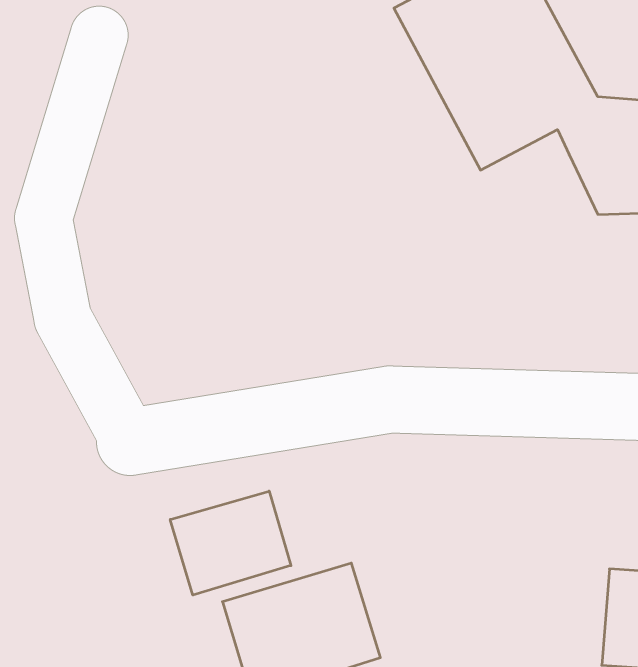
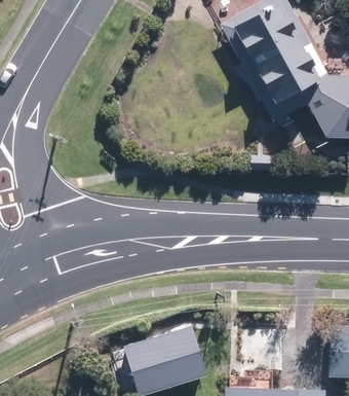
building: [170,491,291,595] -> none

